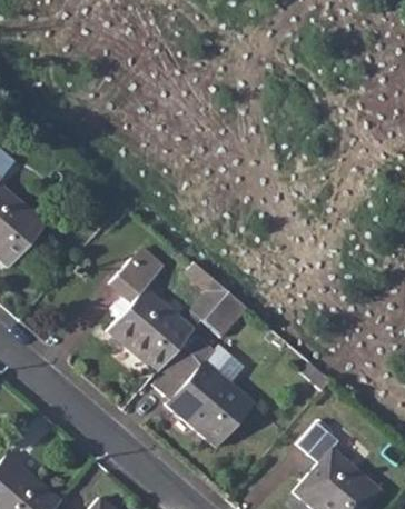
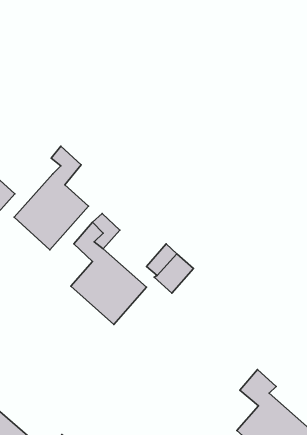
building: none -> [14,146,89,250]
building: [152,336,253,447] -> none

